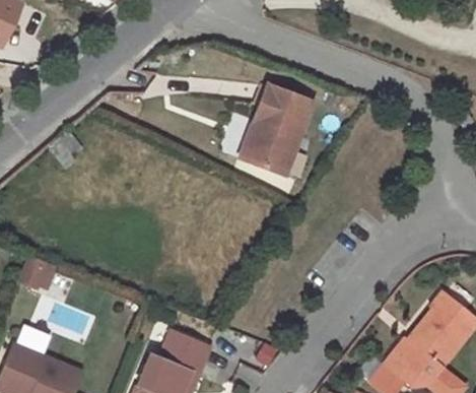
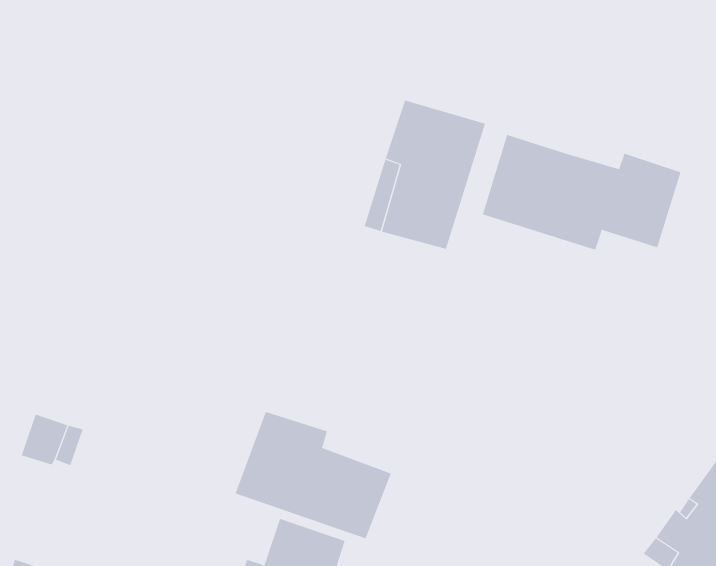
building: none -> [482,134,681,250]
building: none -> [235,411,392,539]

